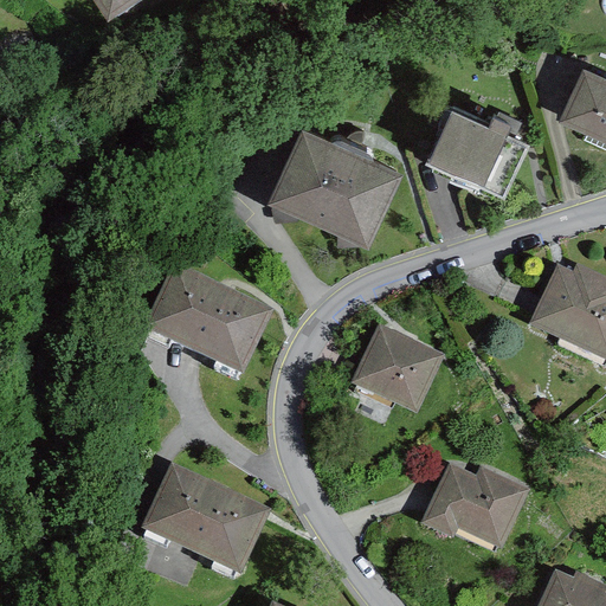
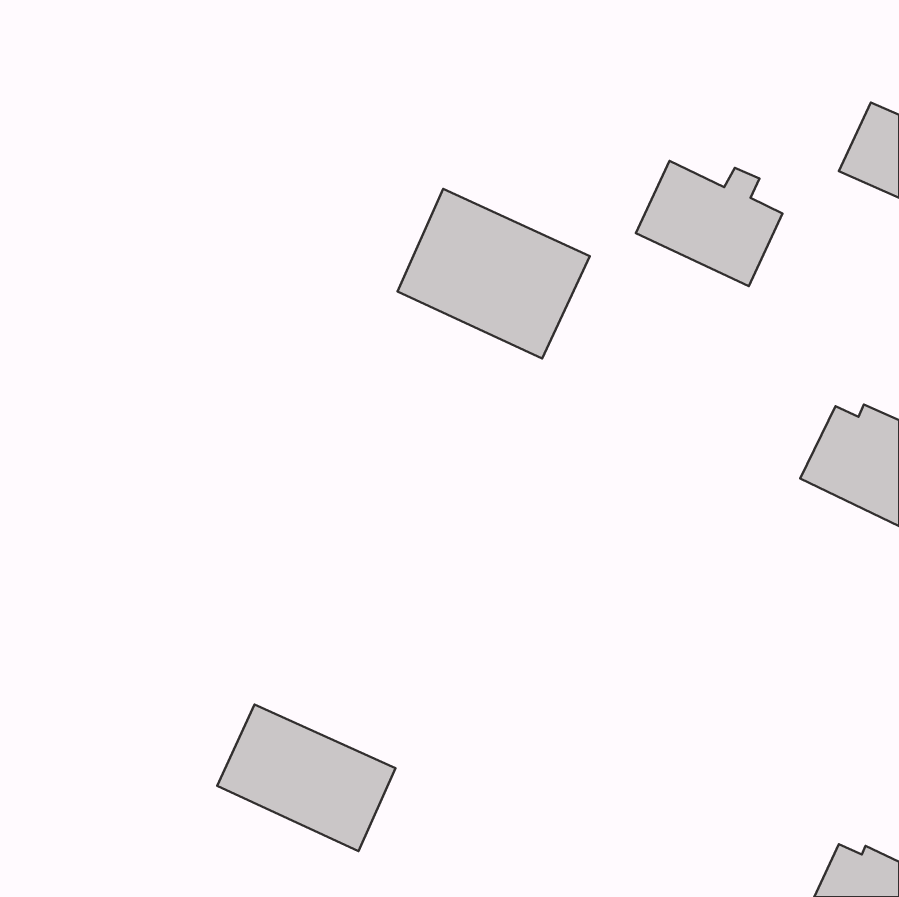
building: [147,273,267,372] -> none
building: [357,331,439,406] -> none
building: [428,472,523,543] -> none

